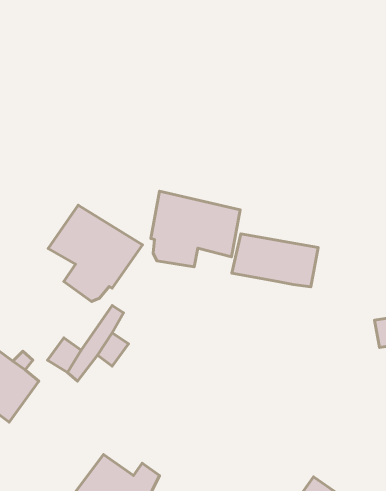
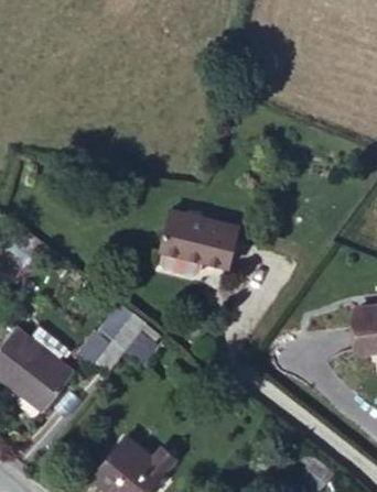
building: [48,205,142,302] -> none
building: [232,234,318,287] -> none

